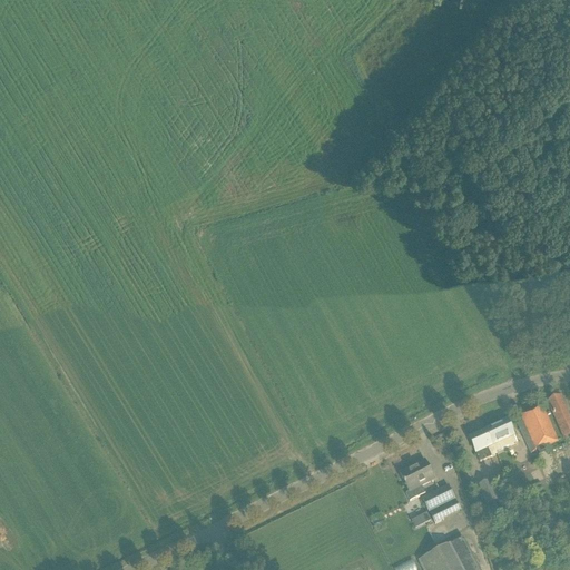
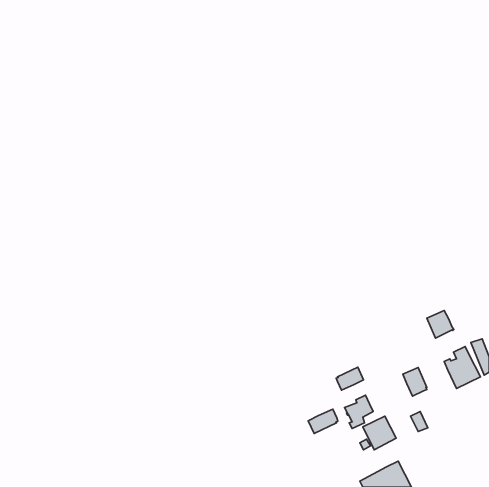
building: [487,419,518,451] -> [427,310,454,338]
building: none -> [336,367,364,390]
building: none -> [308,409,338,433]

